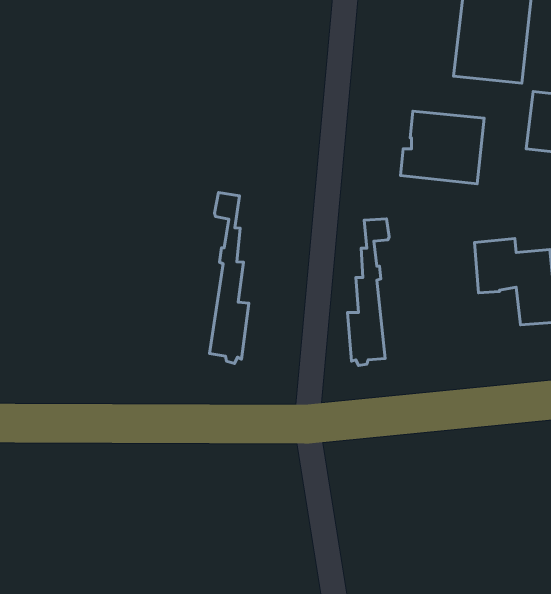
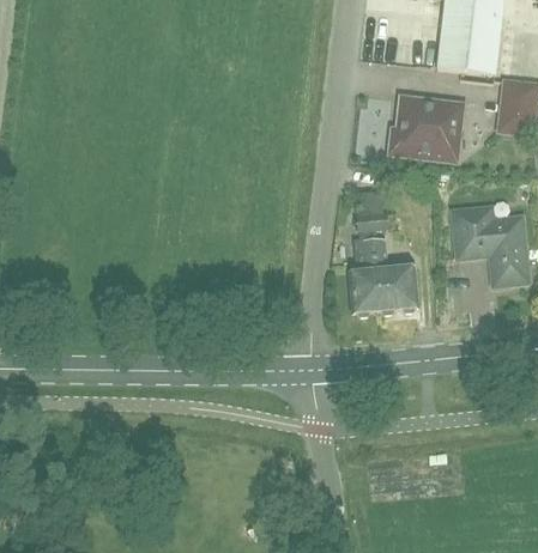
building: [210,193,249,363] -> none
building: none -> [369,205,417,312]

